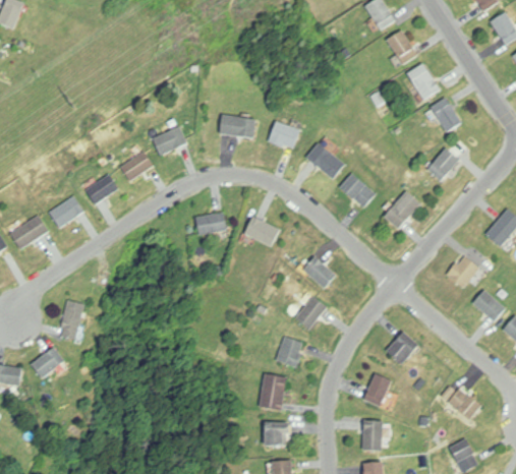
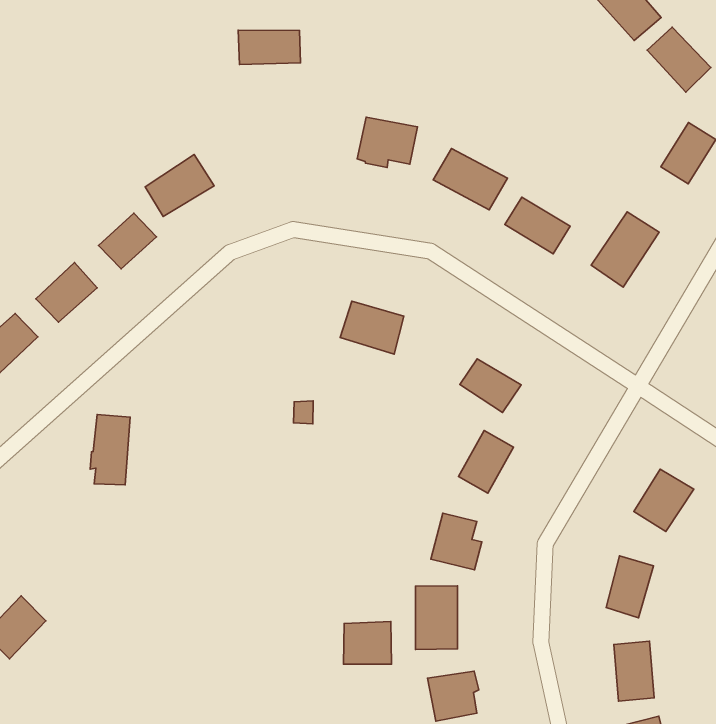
building: [220,115,254,137] -> [238,30,301,64]
building: [193,211,227,236] -> none
building: [59,300,84,340] -> [90,414,130,485]
building: none -> [344,622,391,664]

